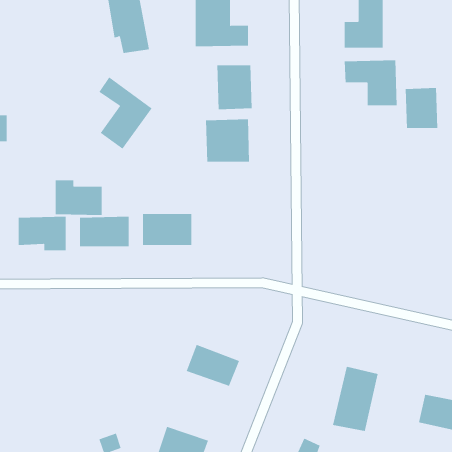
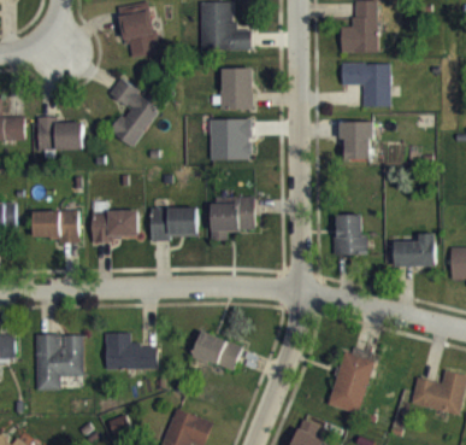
building: [405,87,438,128] -> [341,121,372,159]
building: [55,180,102,216] -> [39,116,83,150]
building: none -> [211,195,255,239]
building: none -> [335,213,366,254]
building: none -> [394,233,436,267]
building: none -> [105,333,158,369]
building: none -> [36,334,83,390]

